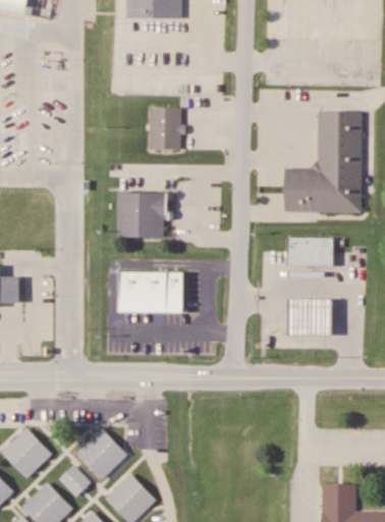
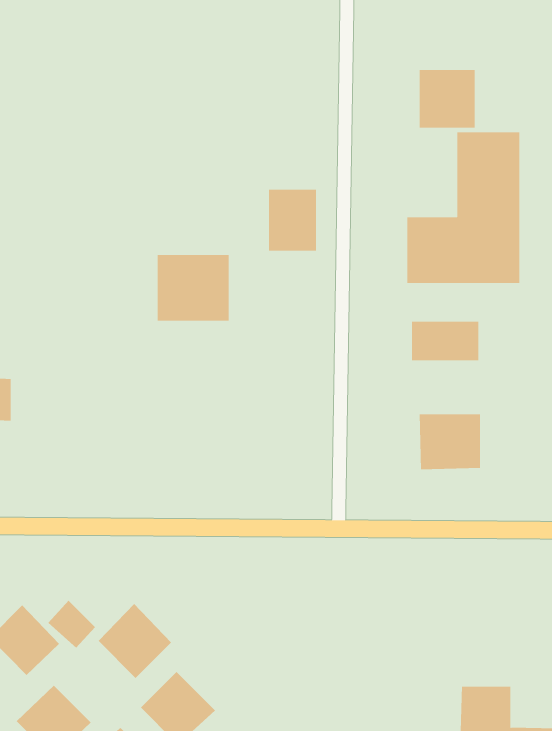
building: none -> [419,69,475,129]
building: [149,107,181,149] -> [268,189,317,251]
building: [118,272,183,312] -> none
building: [57,463,90,495] -> [47,600,96,648]

